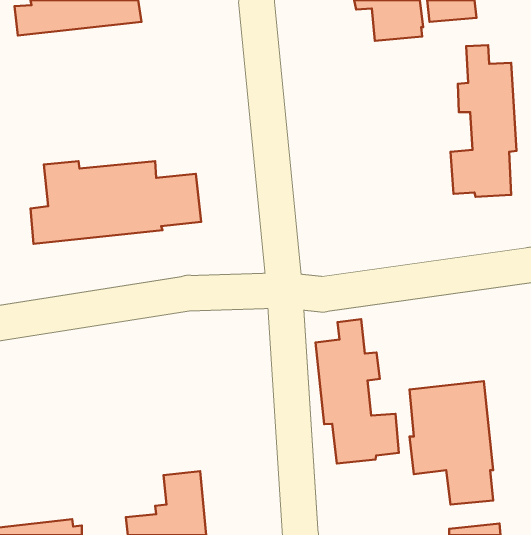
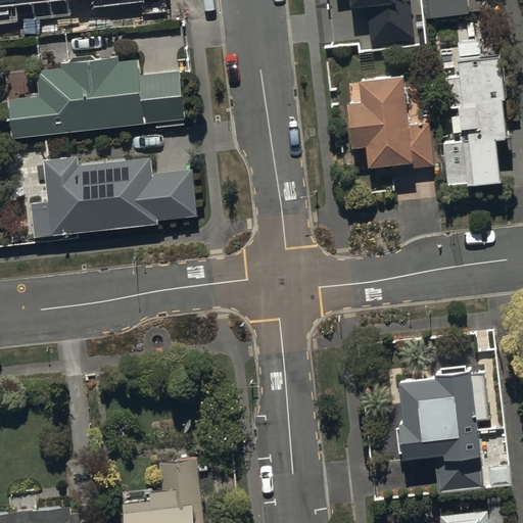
building: none -> [9,56,184,138]
building: none -> [344,76,432,168]
building: [315,319,399,464] -> none

